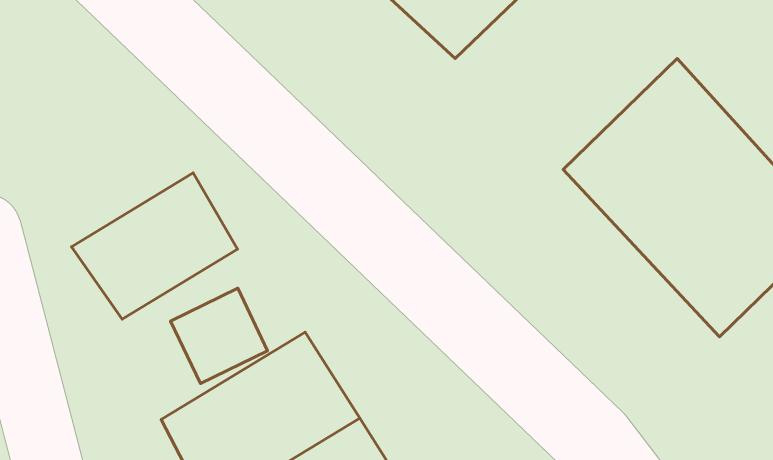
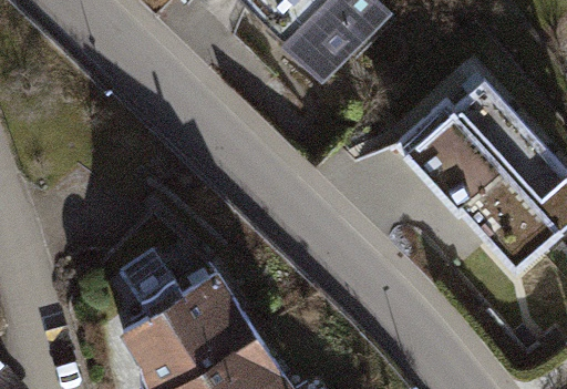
building: [71,173,238,319] -> none

